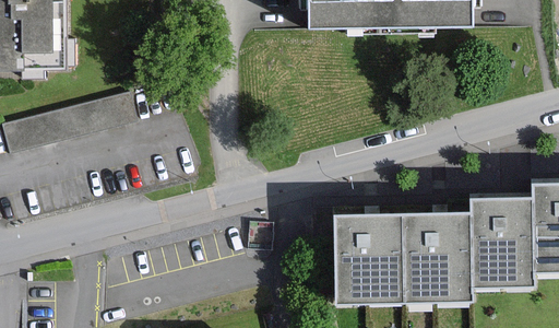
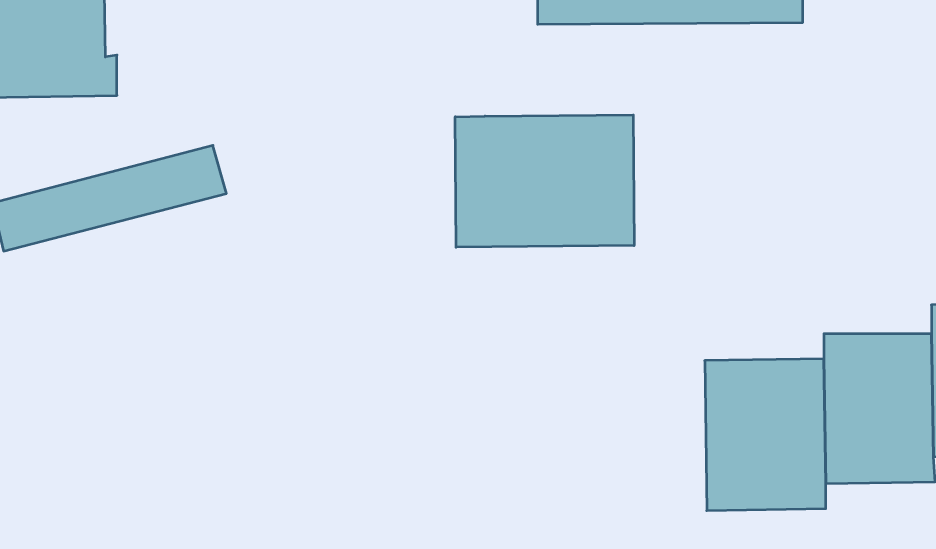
building: none -> [455,115,634,247]
building: [335,214,407,301] -> none

